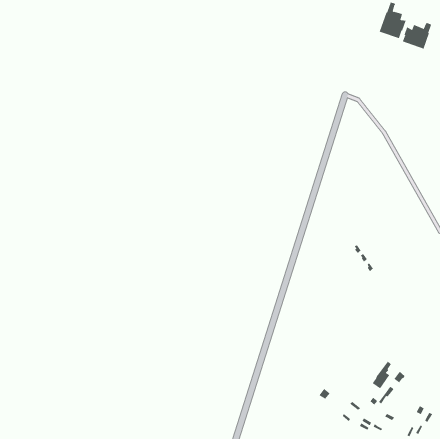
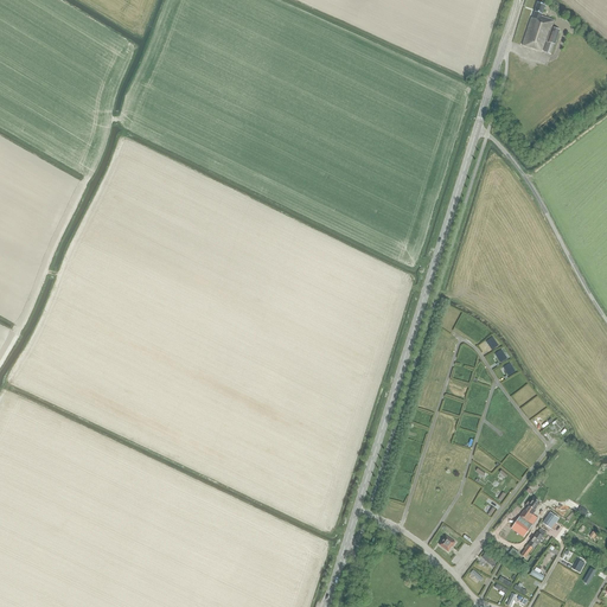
building: [402,22,432,50] -> none

